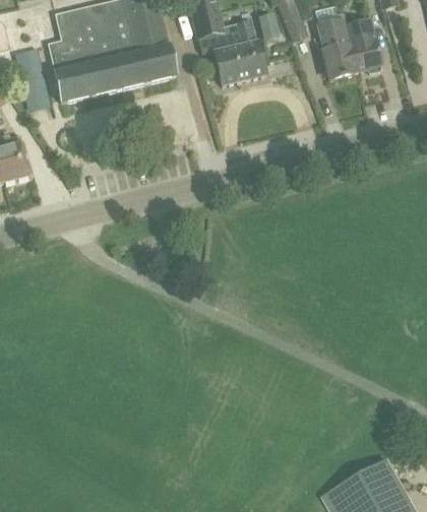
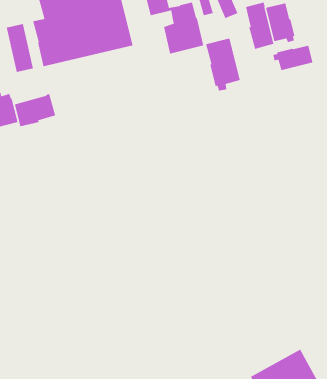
building: none -> [205,37,241,91]
building: none -> [273,45,314,71]
building: none -> [14,93,56,127]

